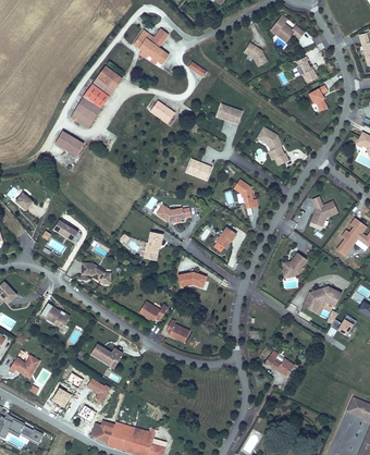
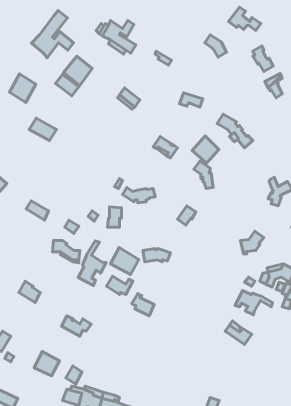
building: none -> [31,10,73,58]
building: [72,99,100,130] -> [9,74,36,102]
building: none -> [192,136,219,163]
building: none -> [78,241,106,286]
building: none -> [111,247,139,275]
building: none -> [235,290,272,315]

